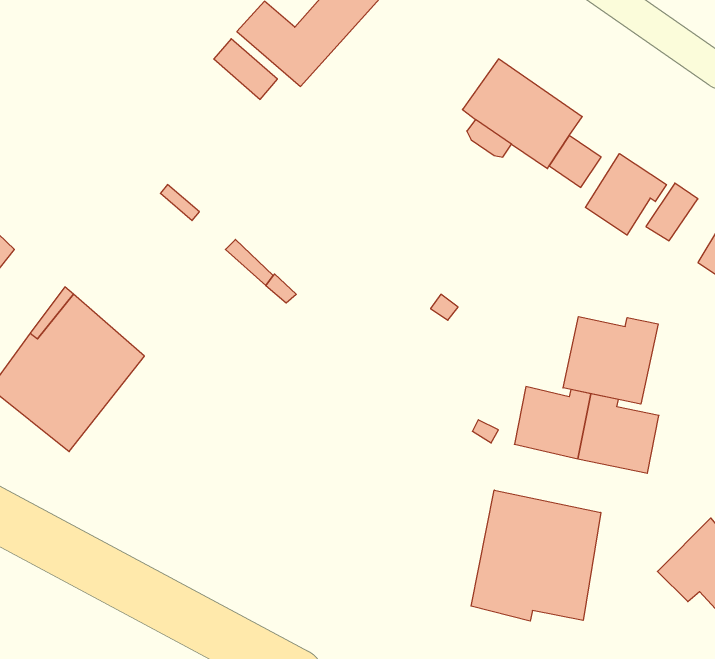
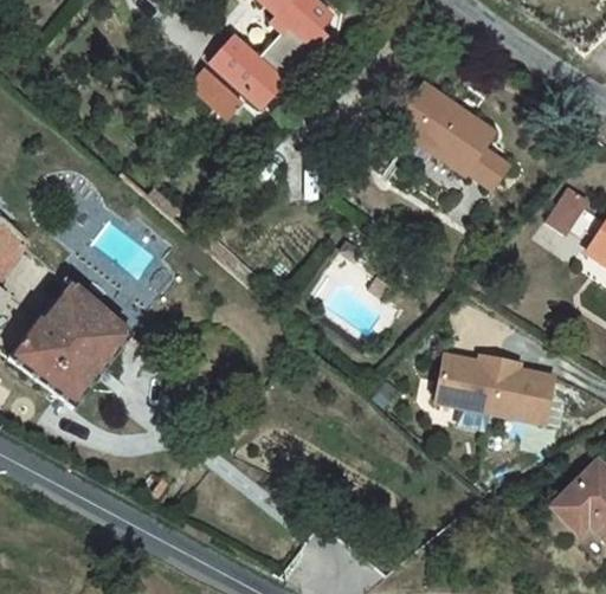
building: [585,154,666,235] -> none
building: [563,317,658,404] -> none
building: [471,490,601,621] -> none

